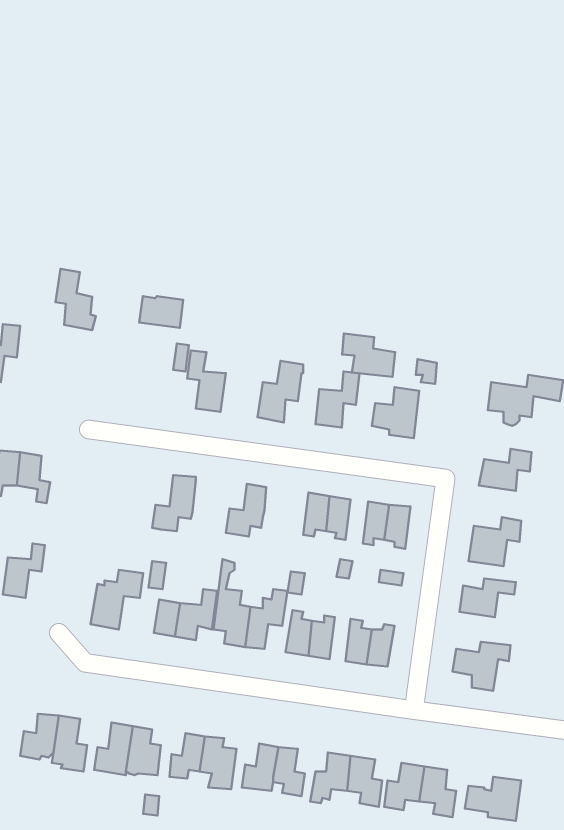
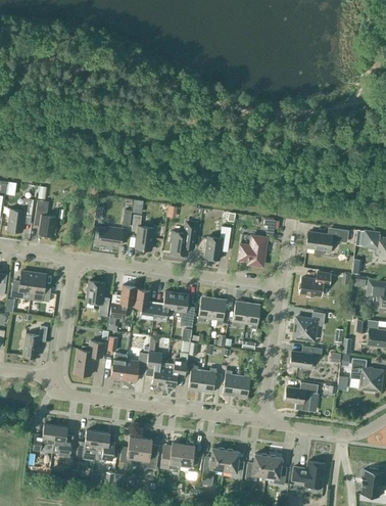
building: [55,269,96,330] -> [34,199,57,235]
building: [139,296,183,328] -> [97,226,123,244]
building: [342,333,395,377] -> none
building: none -> [86,279,109,315]
building: none -> [133,288,154,319]
building: none -> [173,292,193,332]

